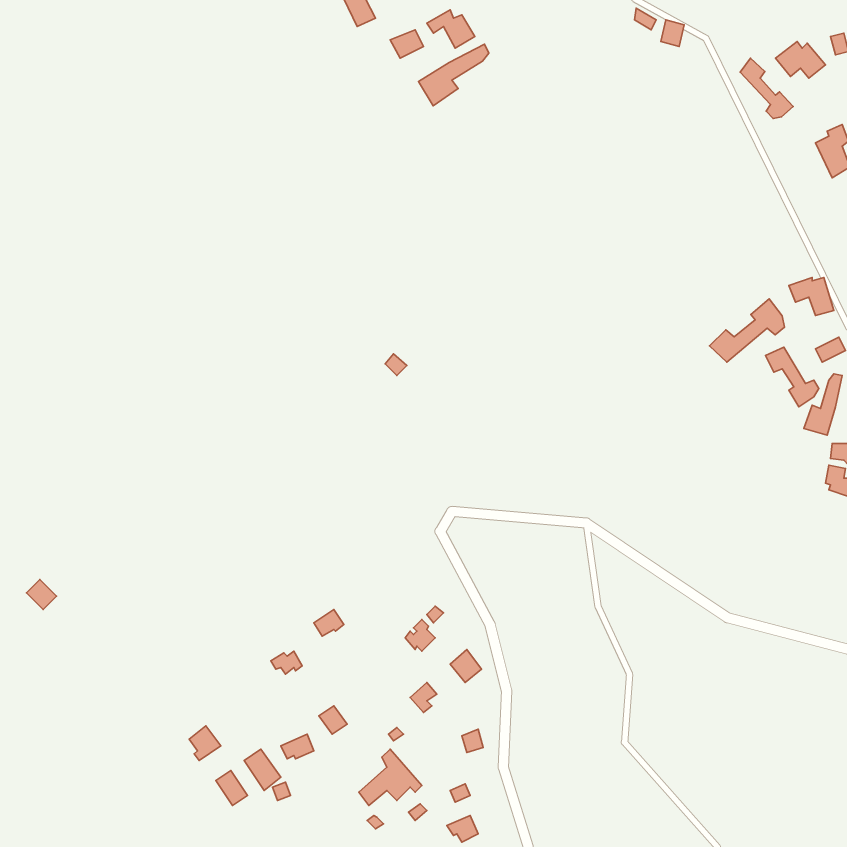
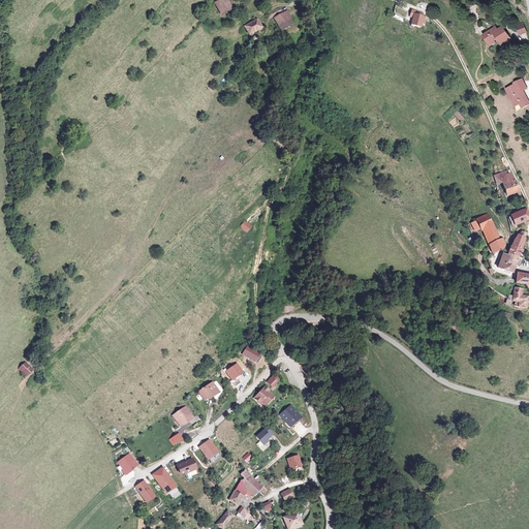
building: [418,44,489,106] -> none
building: [740,58,793,118] -> none
building: [709,299,784,362] -> none

